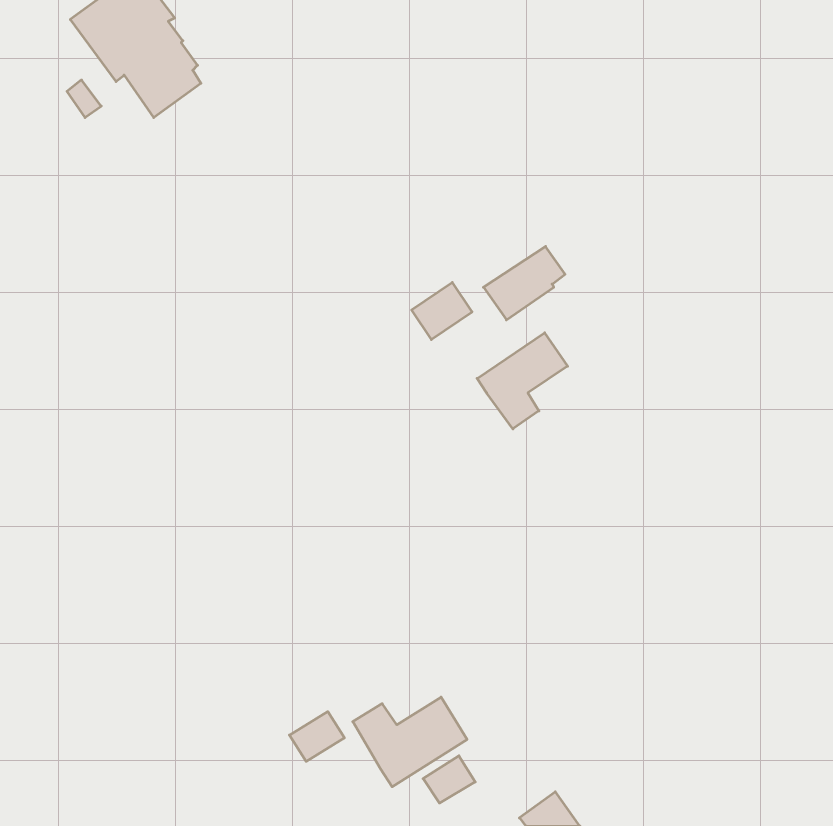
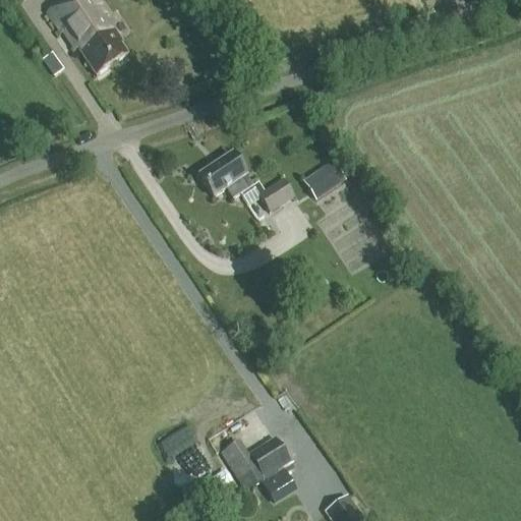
building: none -> [200,152,254,197]
building: [477,333,568,429] -> none
building: [289,712,344,761] -> none

